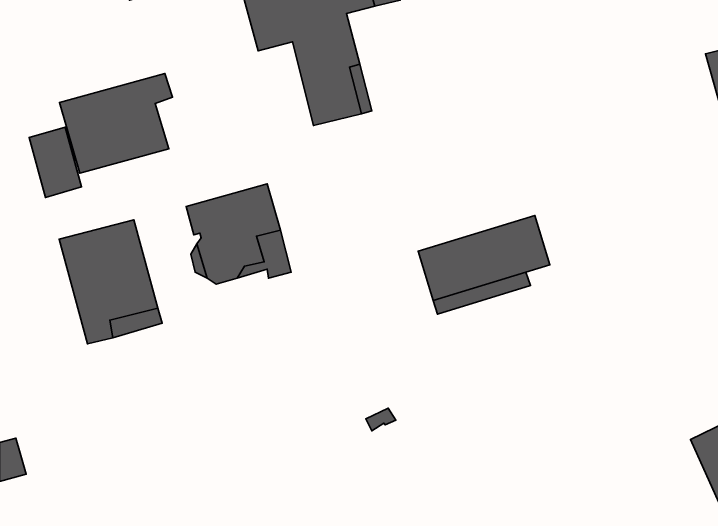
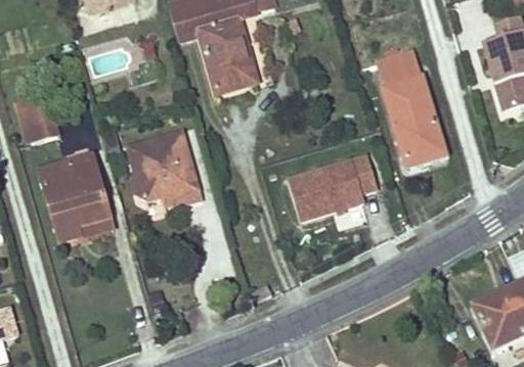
building: none -> [377,49,446,167]
building: [59,73,172,173] -> none

